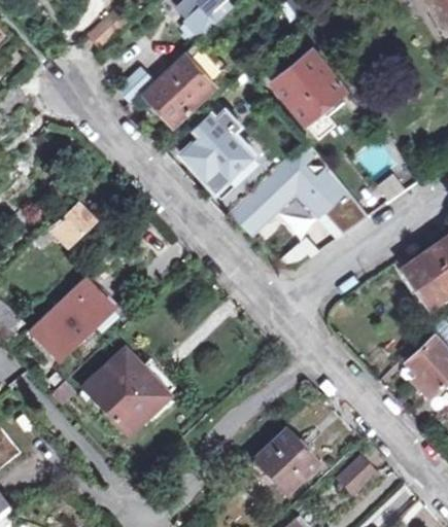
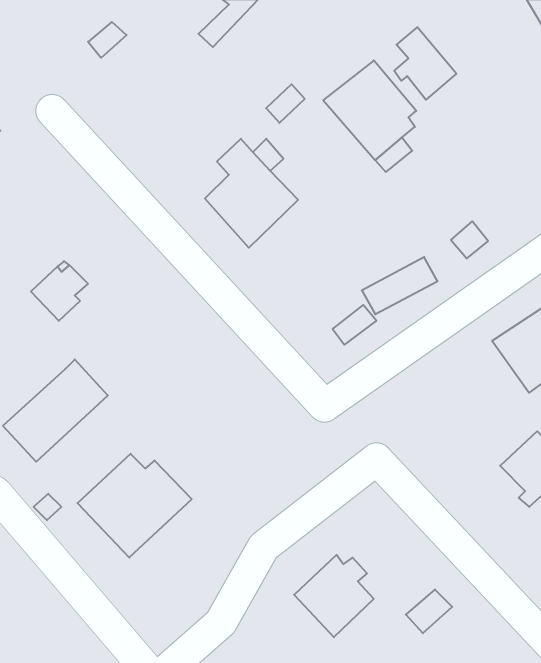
building: none -> [394,27,456,100]
building: [120,49,216,122] -> none
building: [231,148,344,235] -> none

